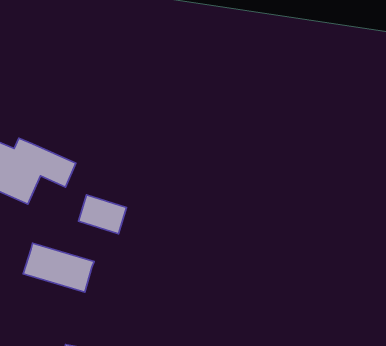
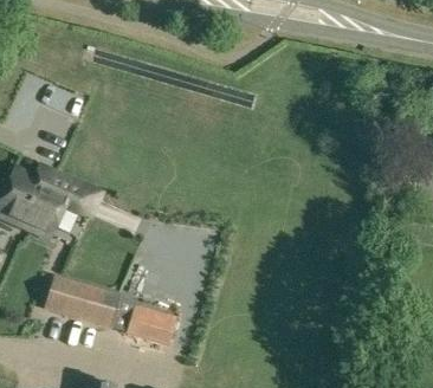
building: [79,195,127,234] -> [125,305,175,345]

